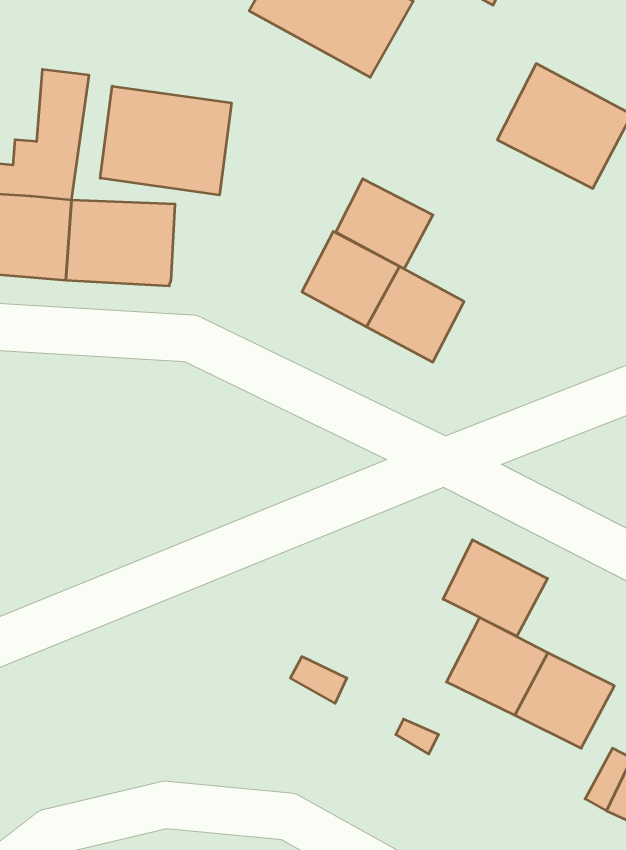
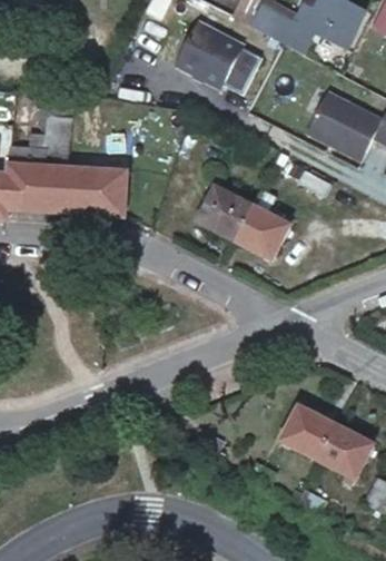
building: [100,86,231,195] -> none
building: [336,179,433,269] -> none
building: [443,540,548,636] -> none

